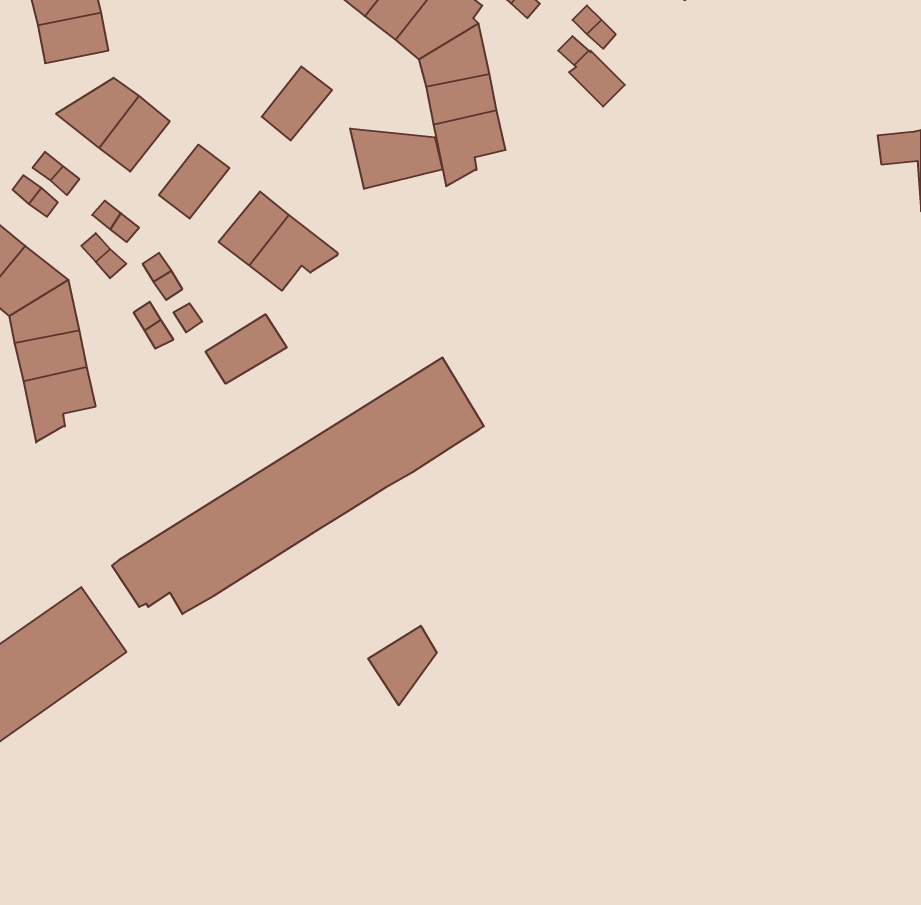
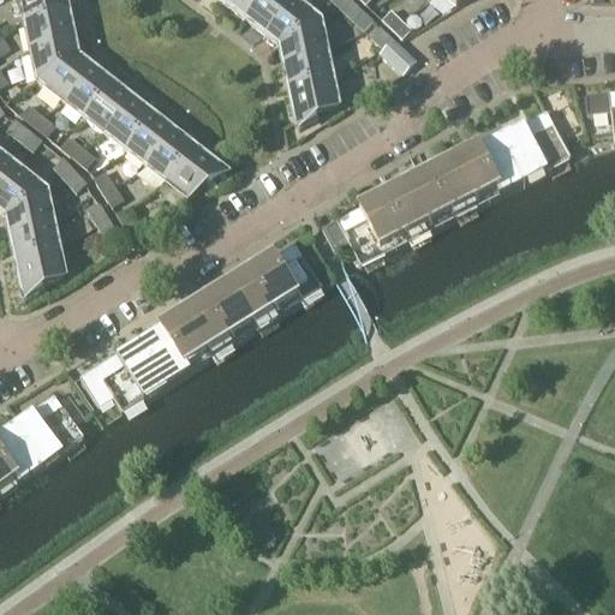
building: none -> [30,34,76,76]
building: [262,66,332,140] -> [126,112,173,161]
building: none -> [86,80,132,130]
building: [350,128,443,189] -> none
building: none -> [322,107,571,262]
building: [206,314,287,384] -> none
building: [368,626,437,705] -> none

